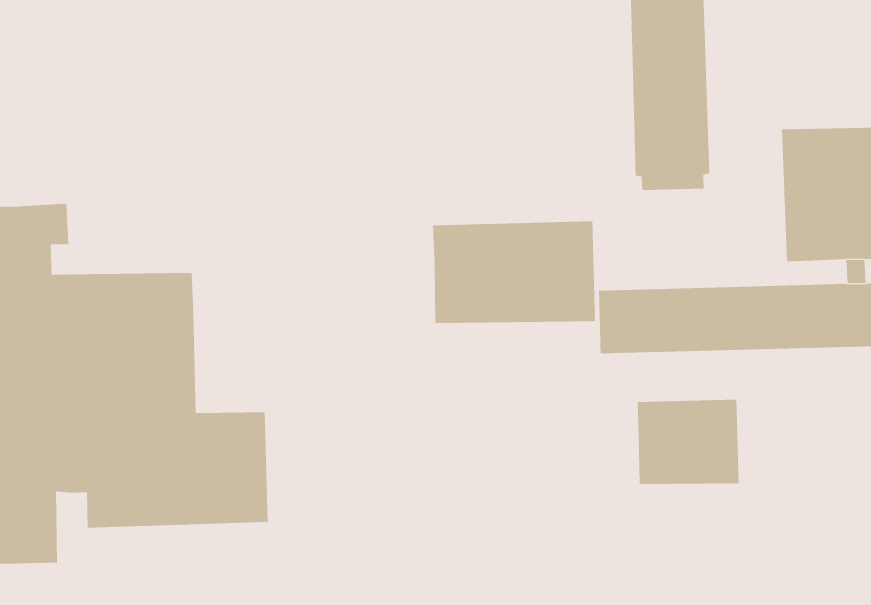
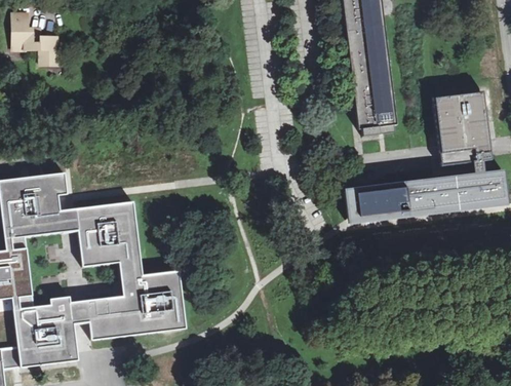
building: [432,220,595,324] -> none
building: [637,399,739,485] -> none

